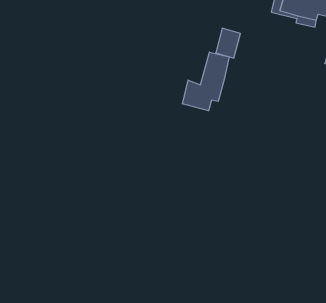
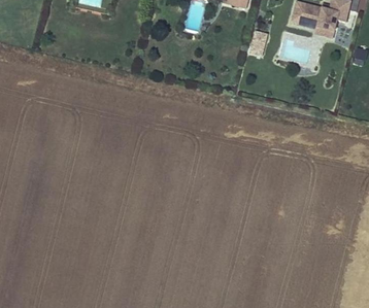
building: [182,52,229,111] -> none

